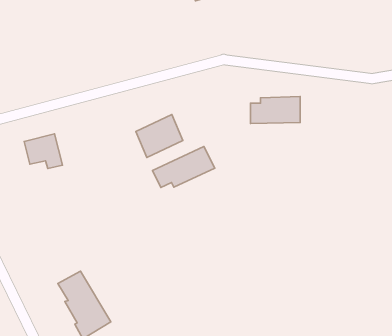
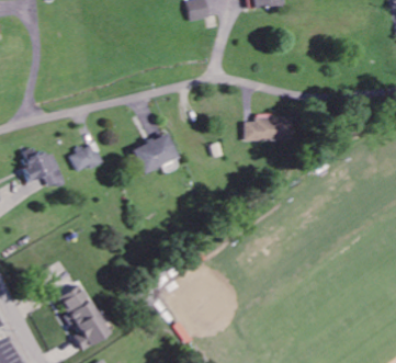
building: none -> [71,143,102,171]
building: [152,146,215,188] -> none

